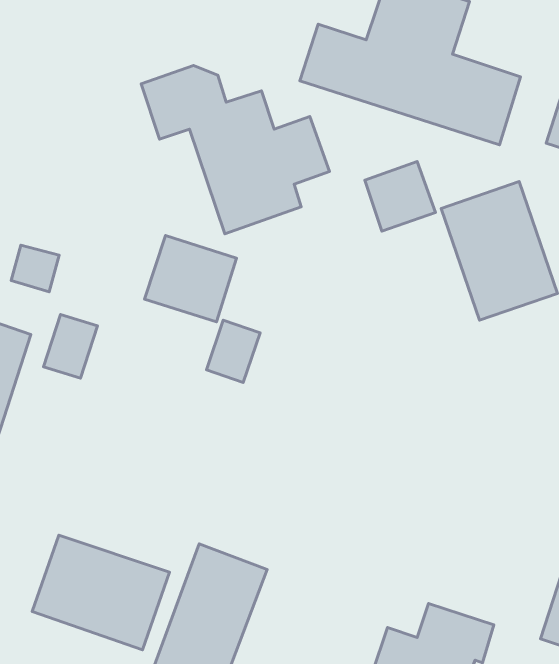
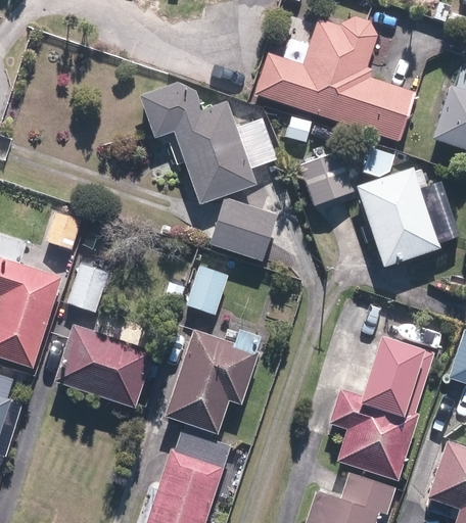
building: [144,235,236,322] -> [211,199,277,262]
building: none -> [167,332,259,431]
building: none -> [331,337,433,478]
building: [32,535,169,650] -> [56,325,155,408]

